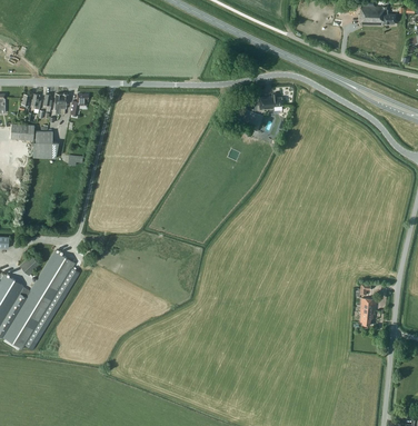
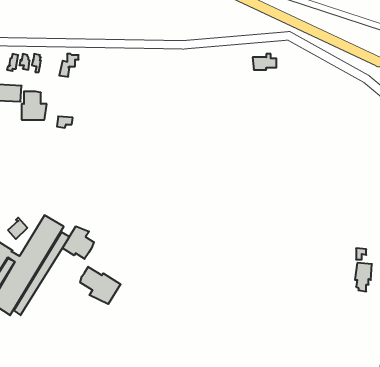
building: none -> [62,226,94,259]
building: none -> [80,267,121,304]

